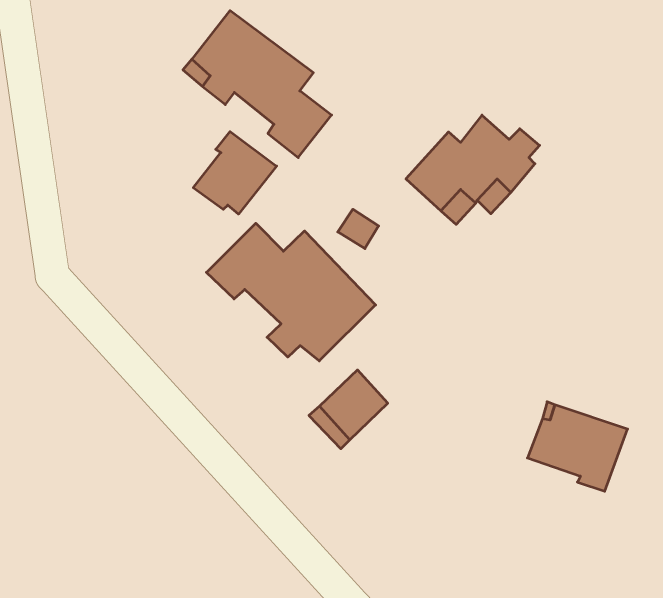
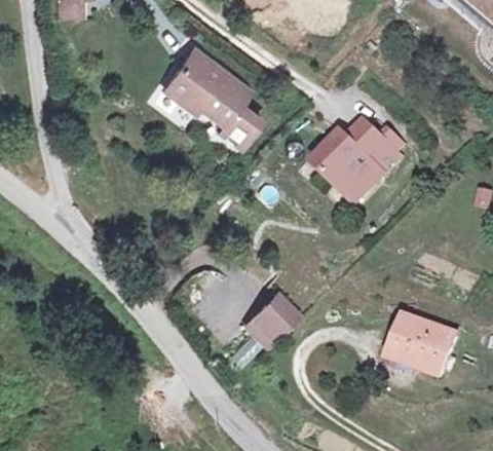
building: [193,132,277,214] -> none
building: [206,223,376,361] -> none

